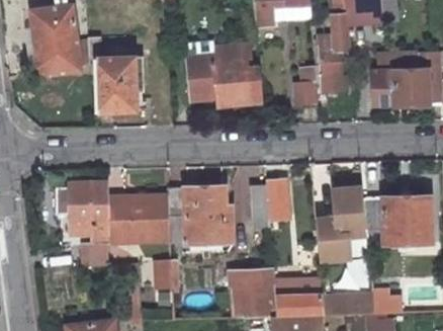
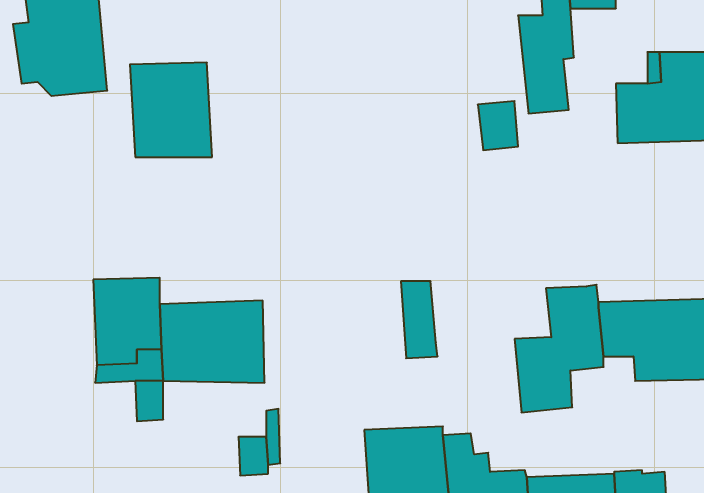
building: [186,39,264,104] -> none
building: [265,178,289,220] -> none
building: [169,186,228,243] -> none

